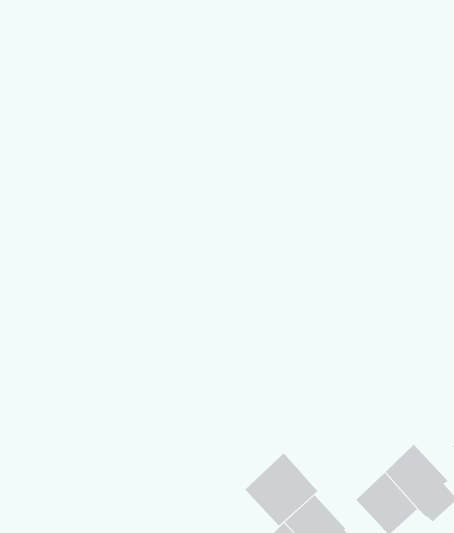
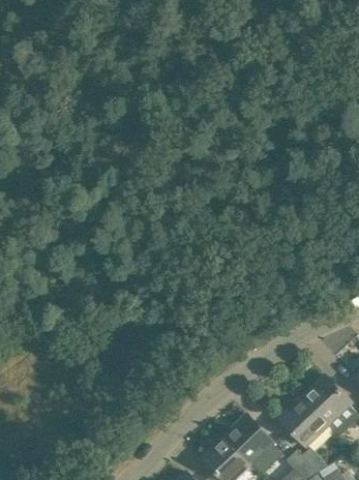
building: [245,453,318,527] -> none

